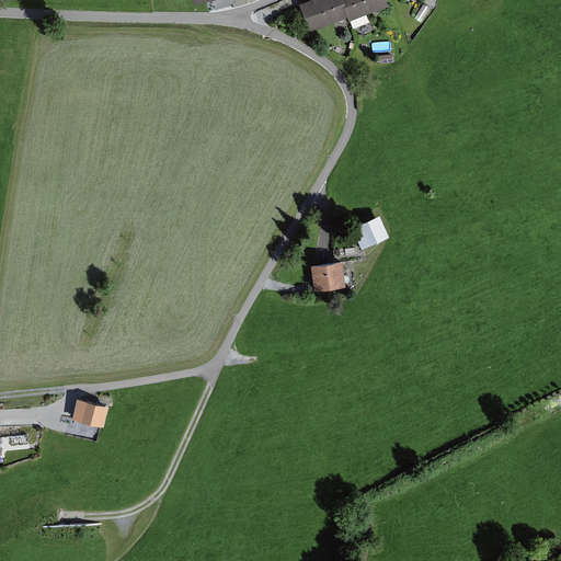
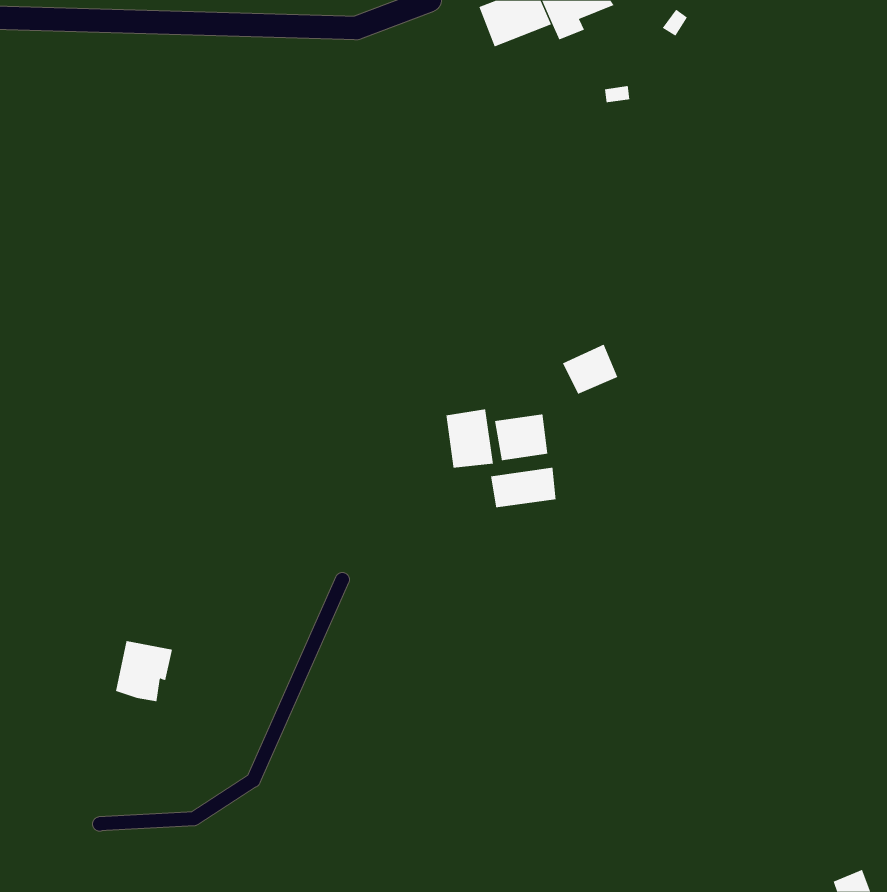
building: none -> [446,409,493,469]
building: none -> [491,467,556,508]

